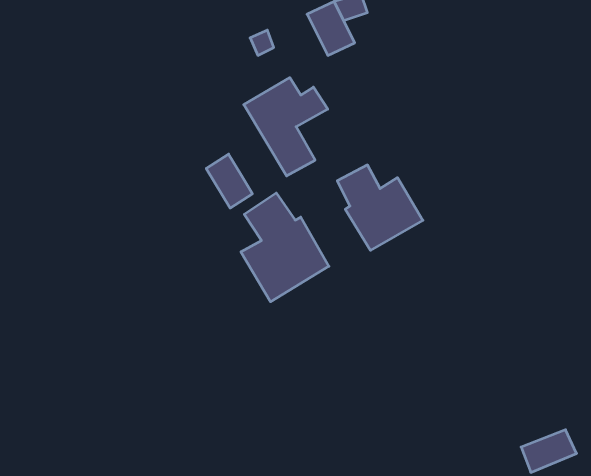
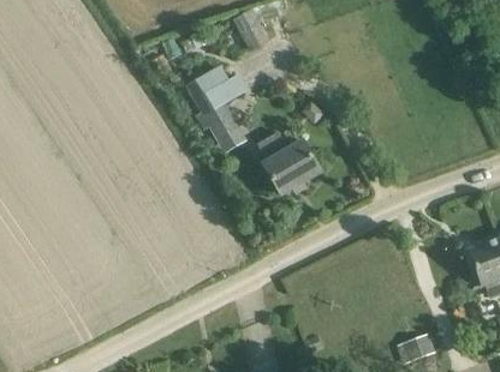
building: [206,154,252,208] -> none
building: [241,193,329,302] -> none

